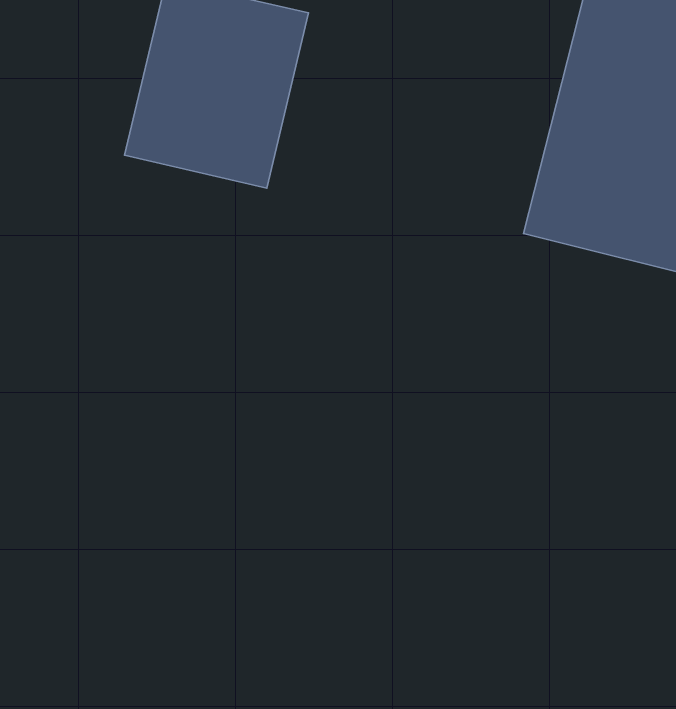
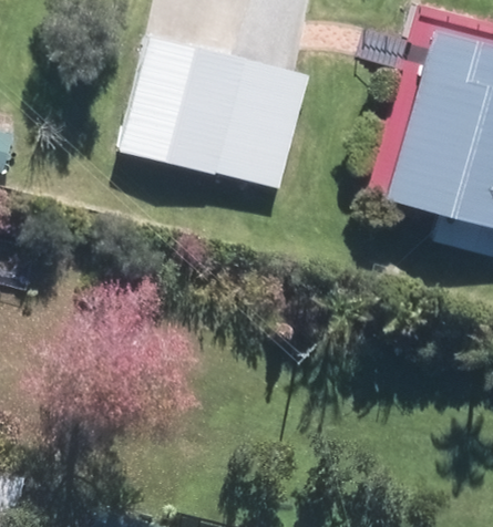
building: none -> [213,60,306,187]

